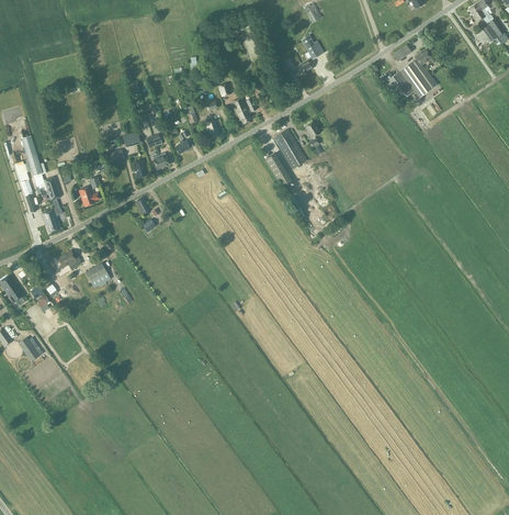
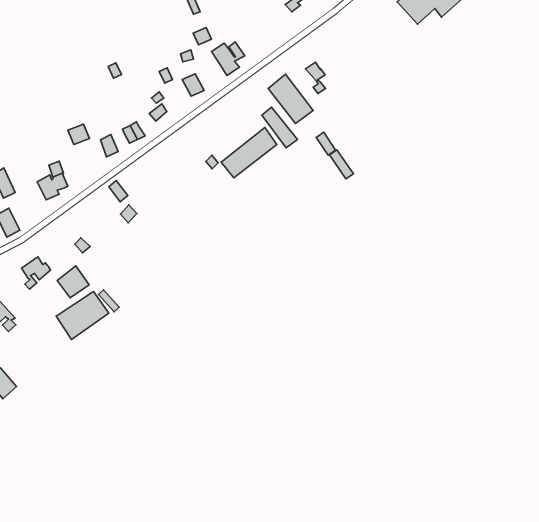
building: none -> [221,127,277,178]
building: none -> [56,291,109,339]

